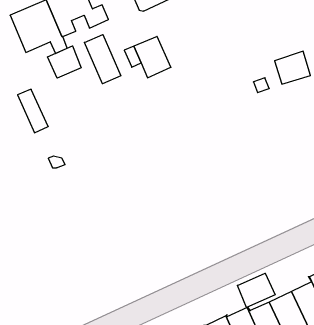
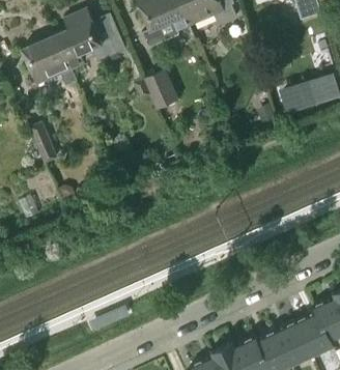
building: [84,35,121,84] -> none
building: [48,46,81,78] -> none
building: [237,273,275,308] -> none

